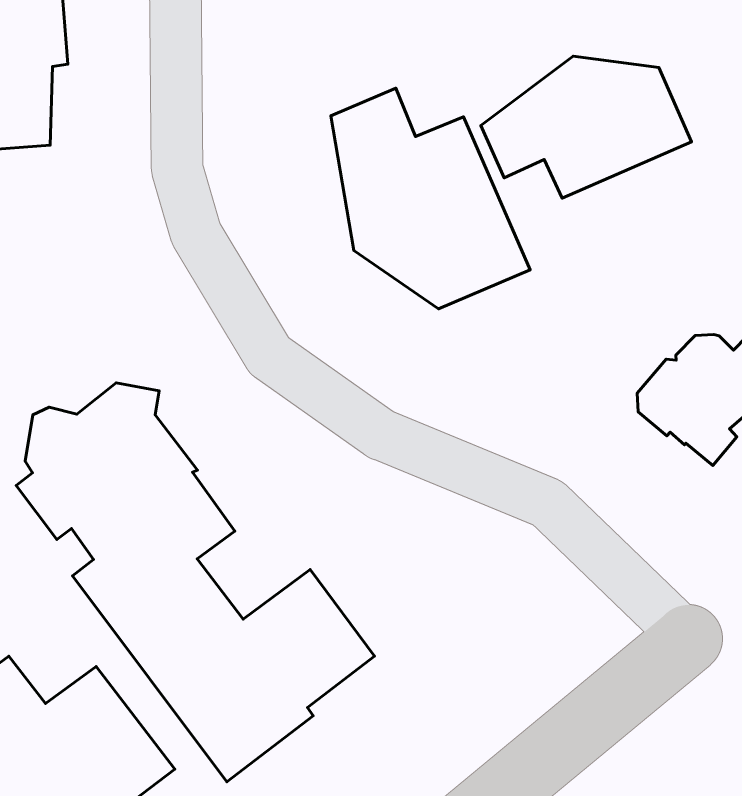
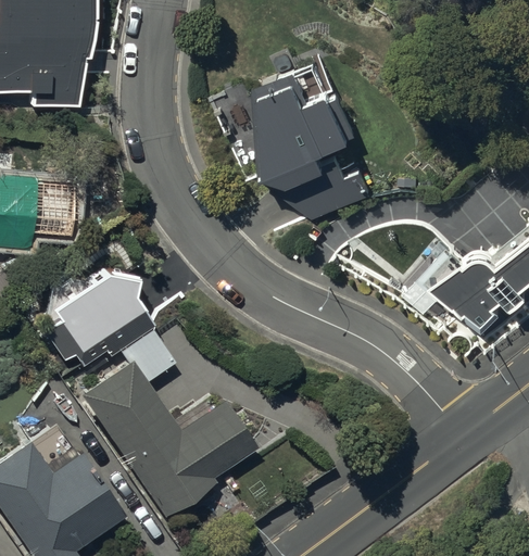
building: [481,56,692,198] -> none

